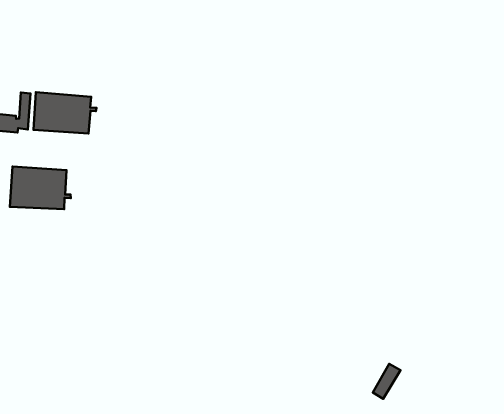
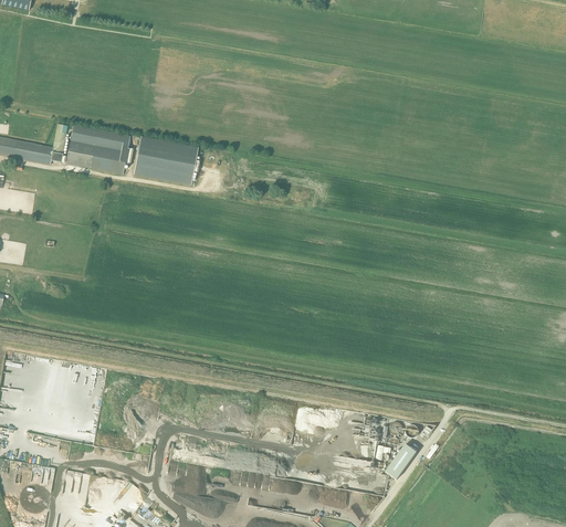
building: none -> [134,135,198,183]
building: [10,167,71,209] -> none

